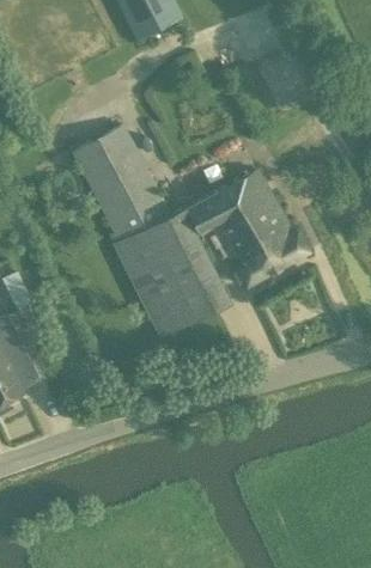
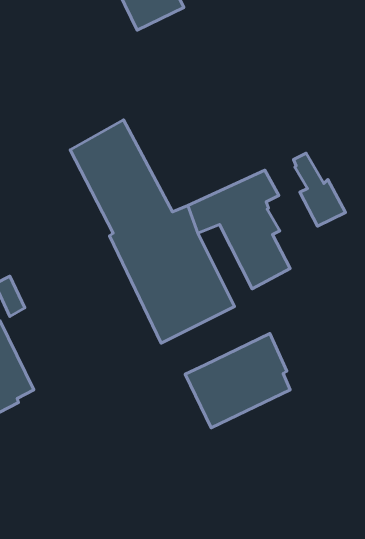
building: [260,195,309,264] -> [294,153,345,226]
building: none -> [185,333,290,428]

